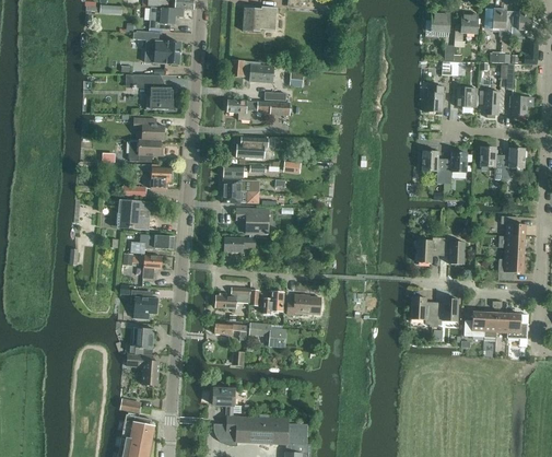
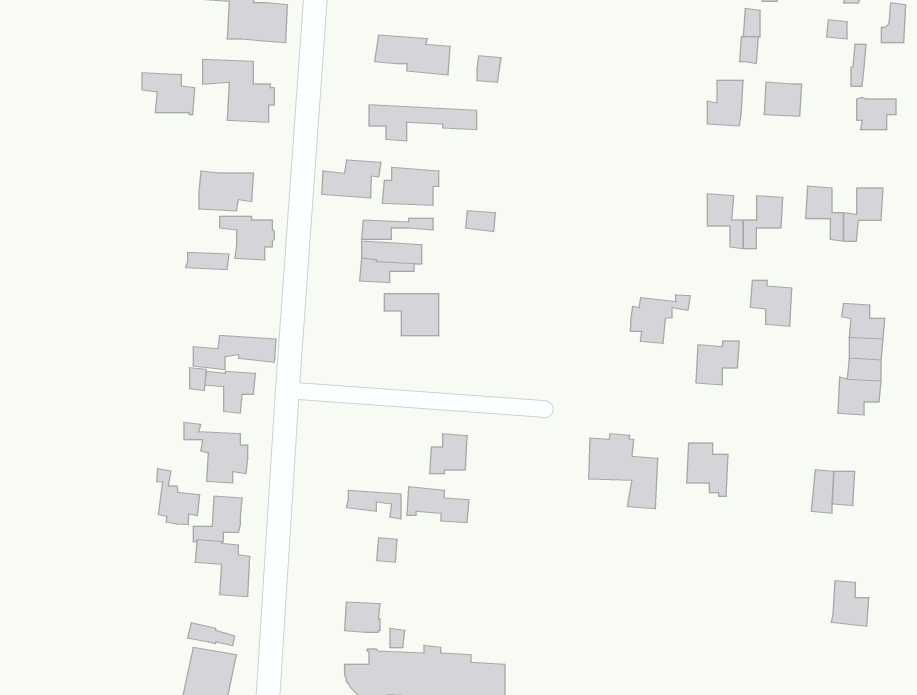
building: [479,90,500,117] -> none
building: [133,116,164,140] -> [142,73,195,114]
building: none -> [322,160,381,198]
building: [117,198,151,230] -> none
building: none -> [631,295,690,344]
building: [223,235,256,251] -> none
building: [441,236,465,262] -> [750,281,792,326]
building: [215,288,250,307] -> none
building: none -> [589,434,658,509]
building: [287,294,320,314] -> none
building: [434,296,458,326] -> none
building: [463,309,485,335] -> none
building: none -> [157,468,200,525]
building: [506,312,528,338] -> [831,581,869,626]

